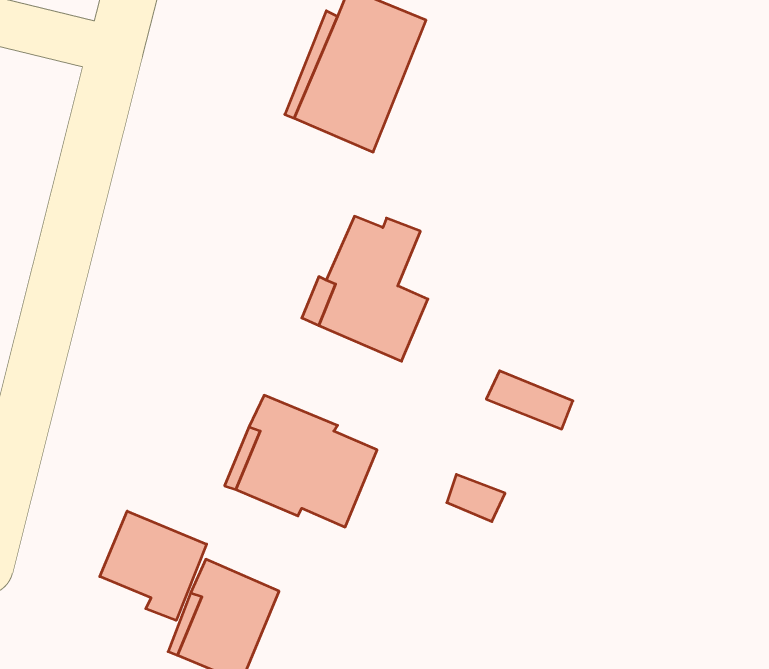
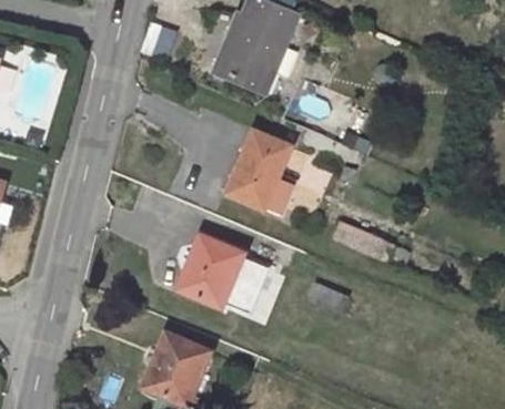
building: [100,511,207,620] -> none

